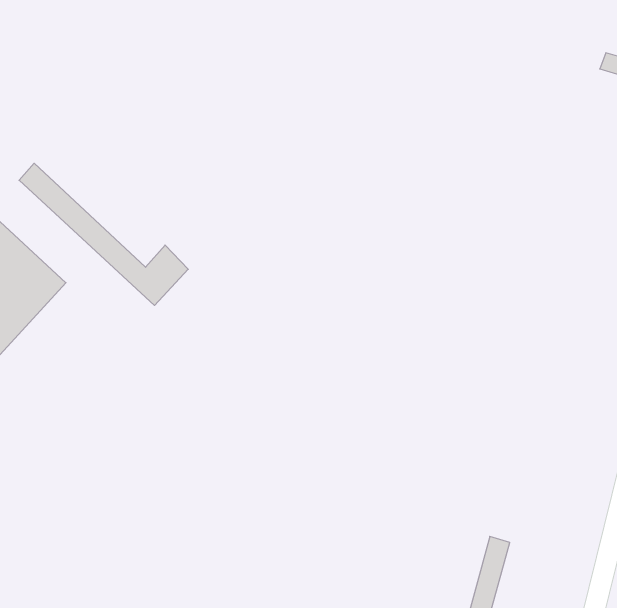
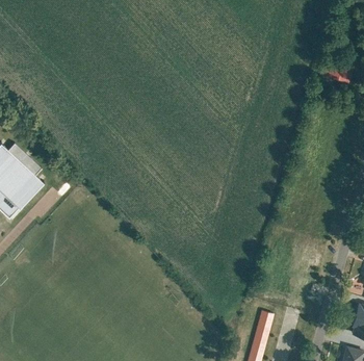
building: [19,163,188,305] -> none

